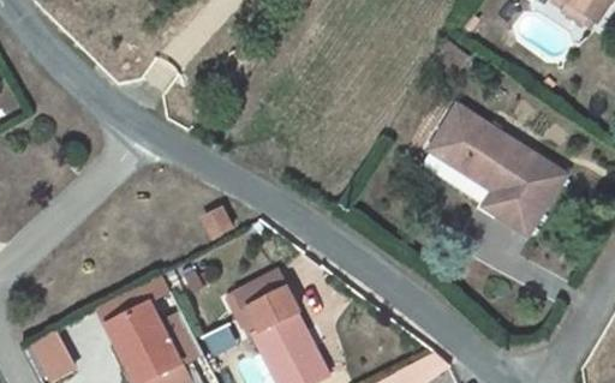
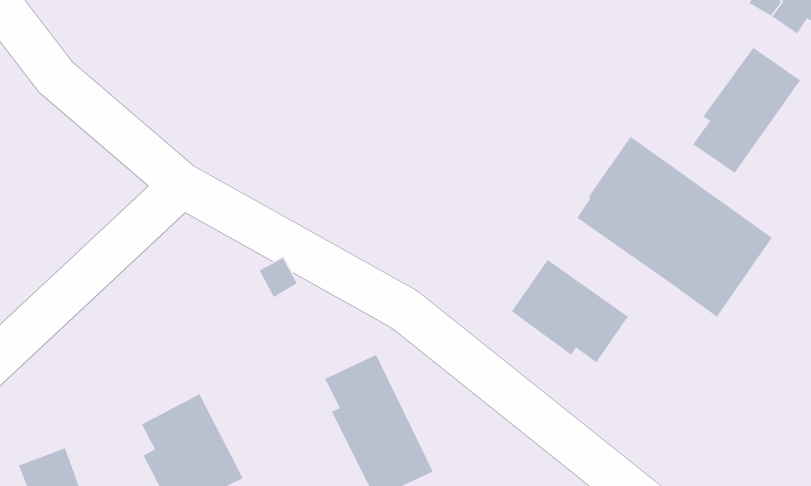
building: none -> [692,47,801,174]
building: none -> [511,259,629,363]

